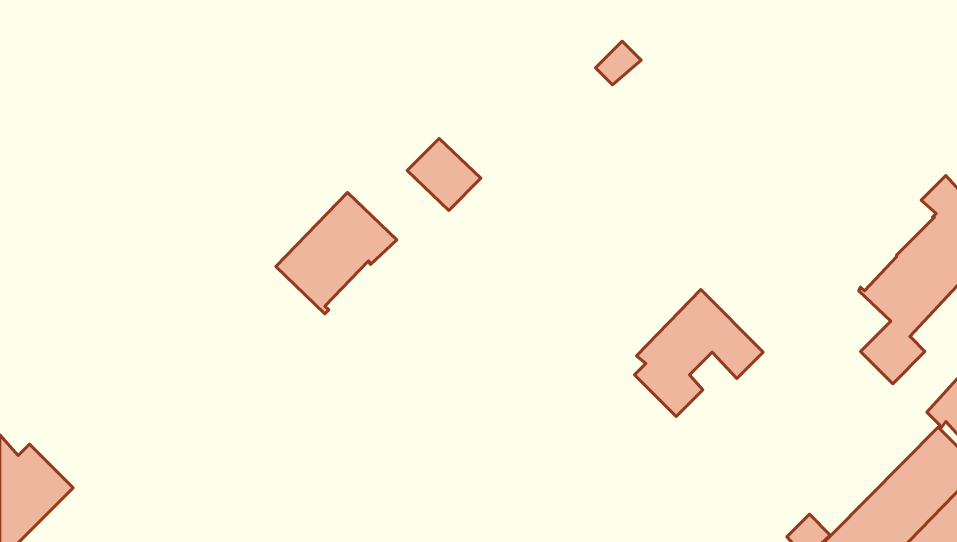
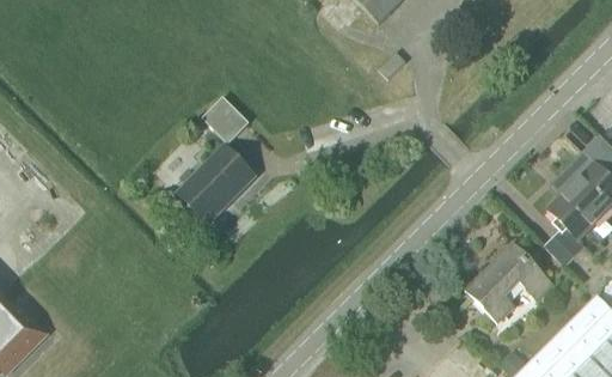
building: [407,138,481,210] -> [200,99,246,145]
building: [635,290,763,416] -> [467,245,549,326]

